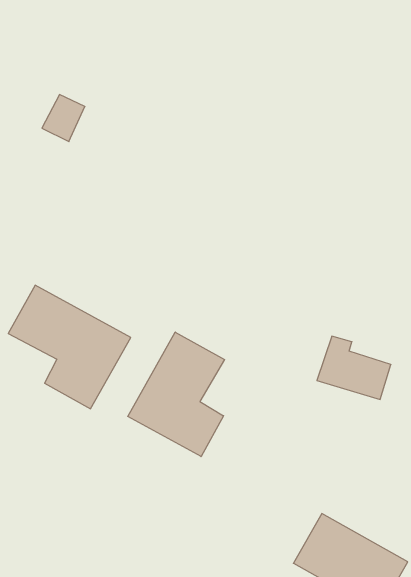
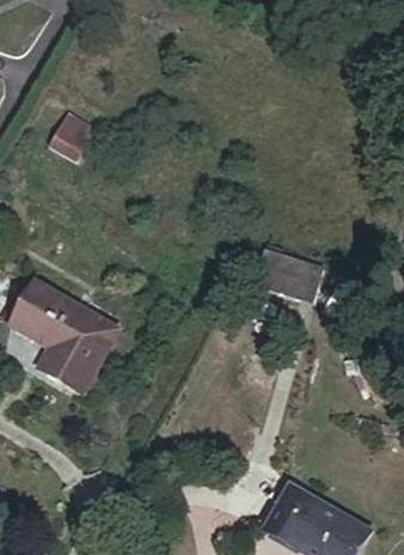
building: [128,332,225,457] -> none
building: [317,336,391,399] -> [255,242,320,298]

